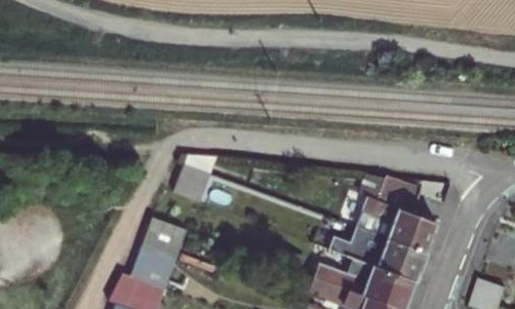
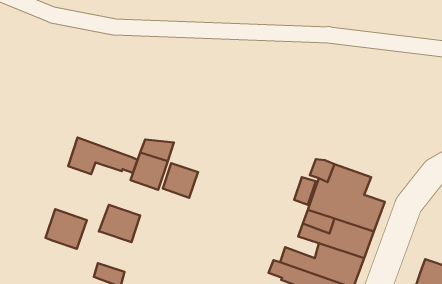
building: none -> [68,137,137,174]
building: none -> [163,163,198,198]
building: [130,248,173,289] -> [45,209,87,249]

